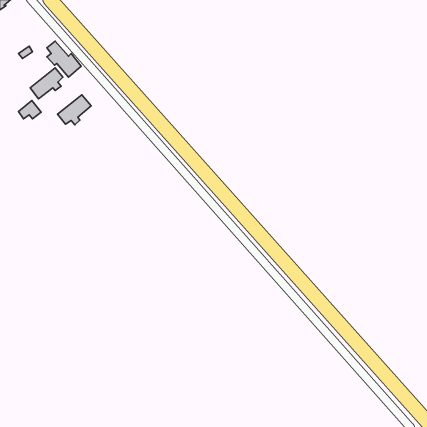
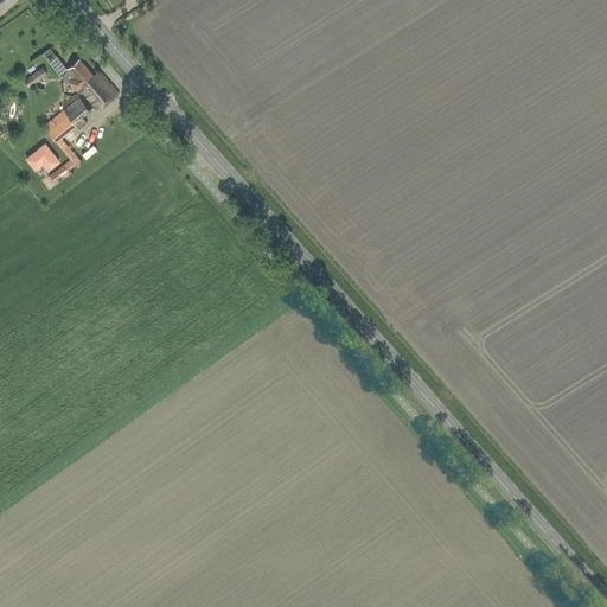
building: [58,95,91,125] -> none

